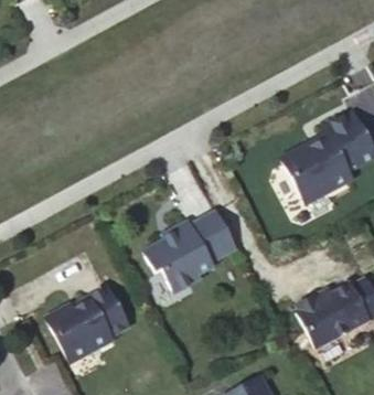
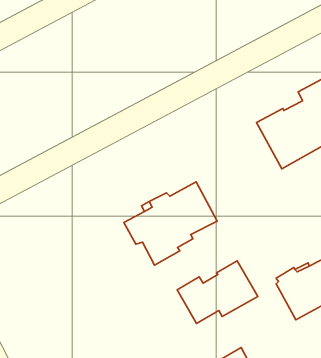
building: [47,287,130,362] -> none
building: none -> [177,261,258,324]

